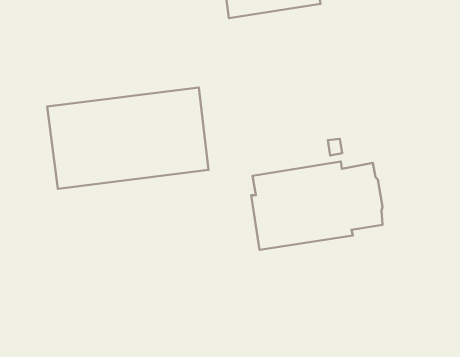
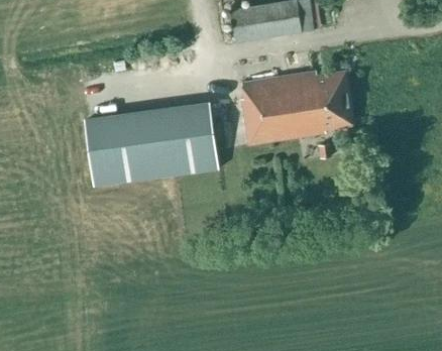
building: [251,162,383,250] -> [241,70,352,144]

